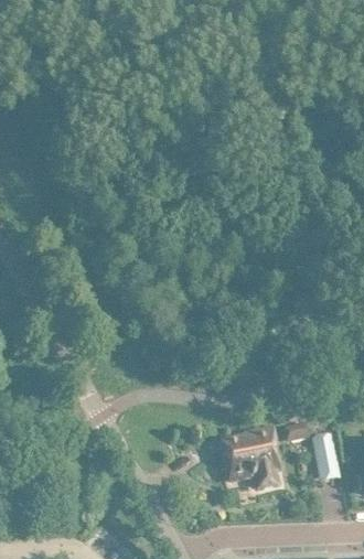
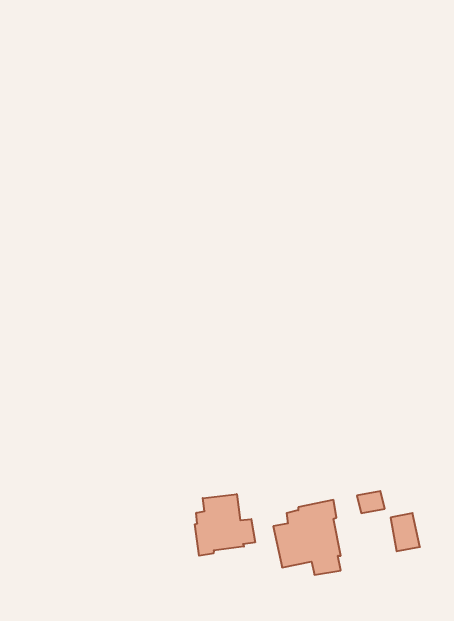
building: none -> [195,494,255,556]

